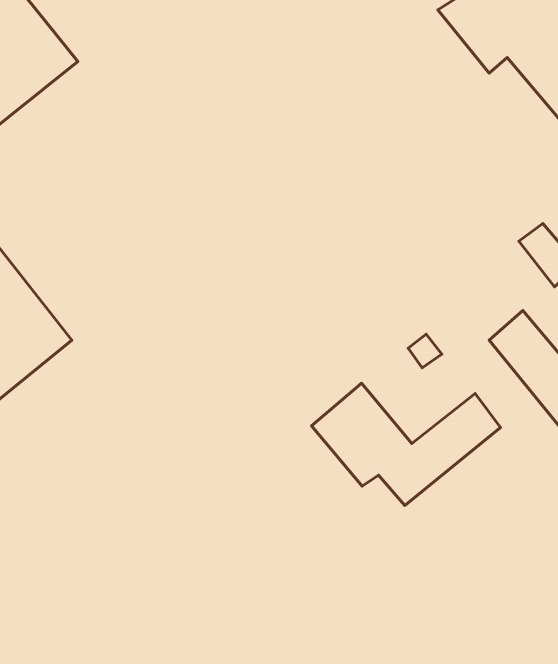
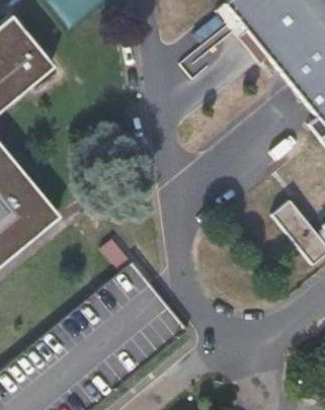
building: [312,383,501,505] -> none

